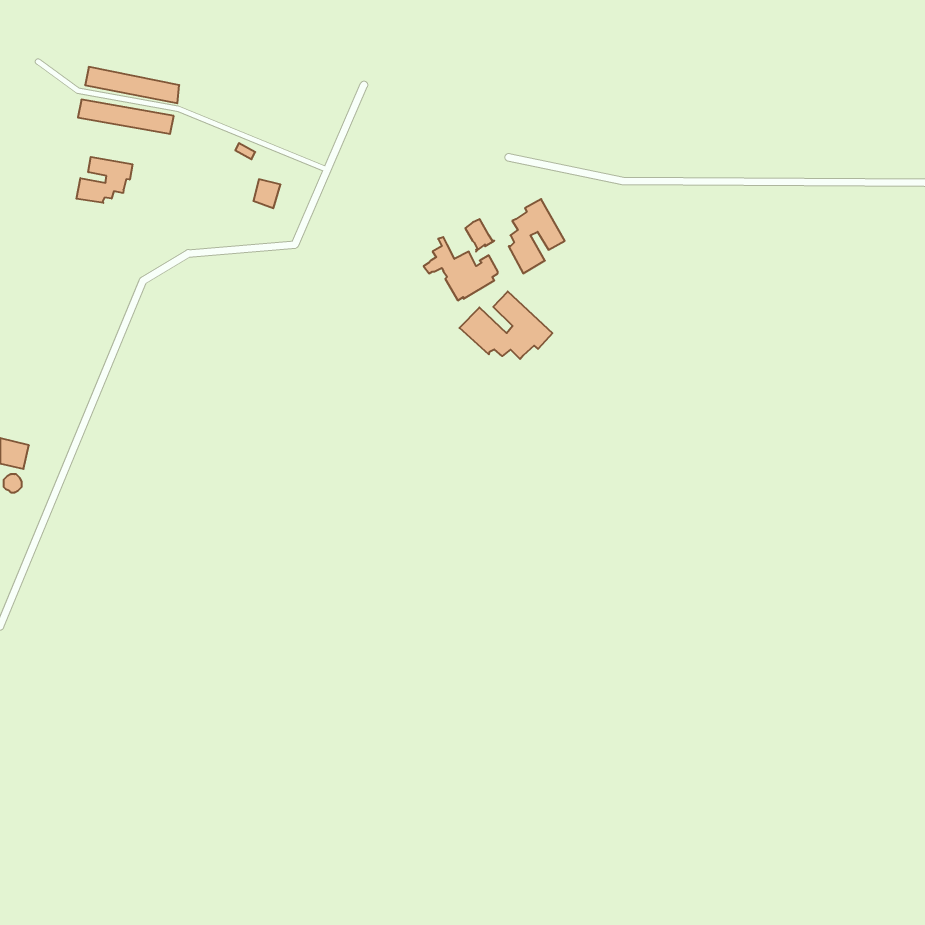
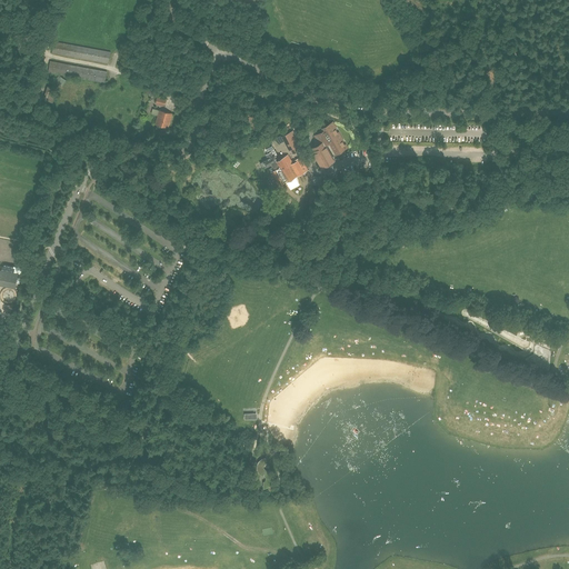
building: [76,157,132,203] -> none
building: [459,291,552,359] -> none

